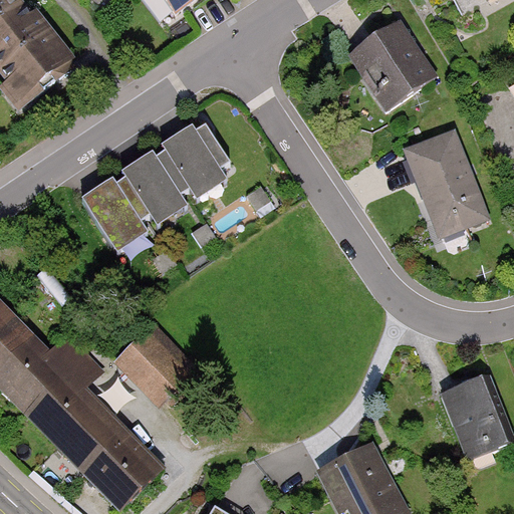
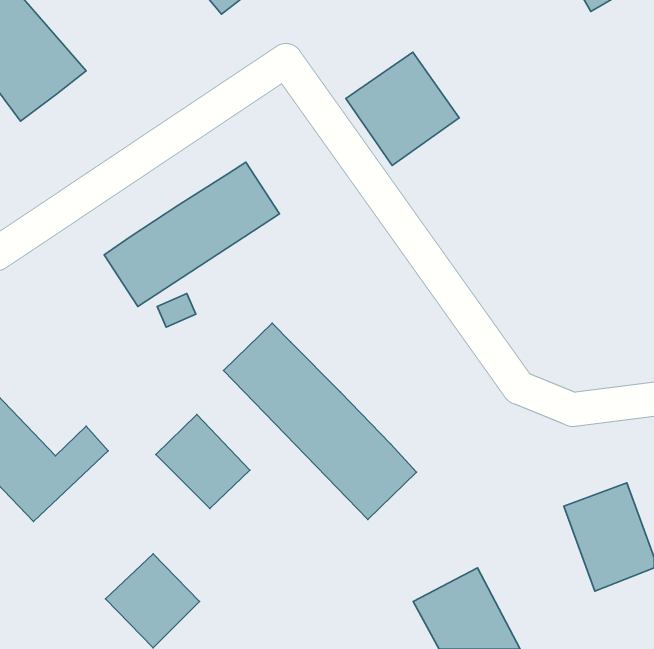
building: [349,22,438,110] -> [346,52,459,165]
building: [407,131,491,238] -> none
building: none -> [224,323,416,520]
building: [26,351,119,467] -> none

